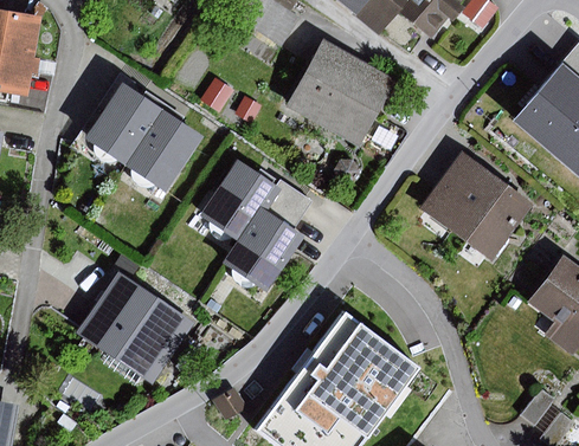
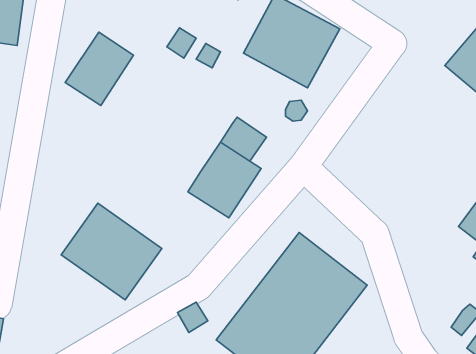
building: [124,108,202,192] -> none
building: [419,151,532,259] -> none
building: [200,159,274,239] -> none

